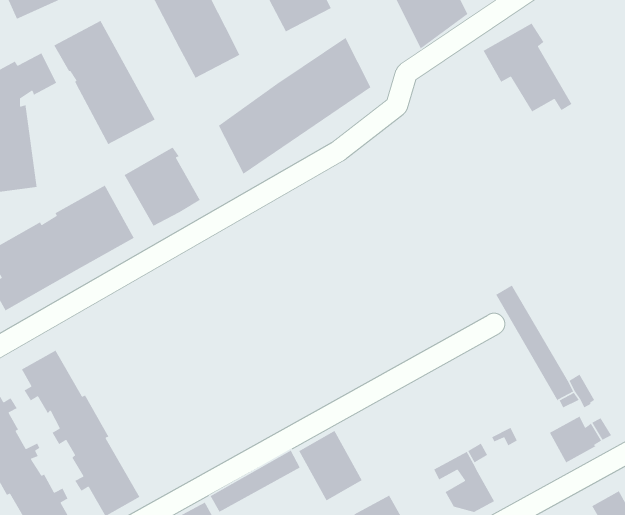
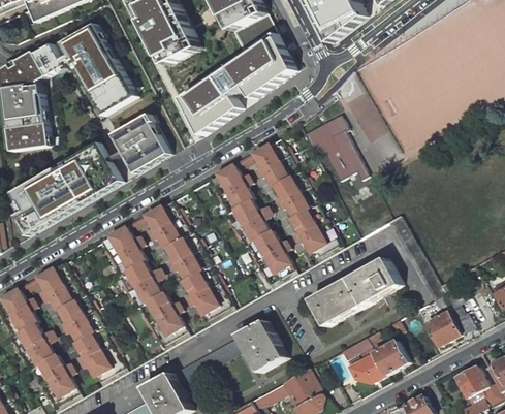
building: none -> [230,12,275,55]
building: [482,22,573,113] -> [302,114,368,180]
building: none -> [252,138,340,261]
building: none -> [207,164,294,288]
building: none -> [144,200,231,323]
building: none -> [98,226,186,349]
building: none -> [309,257,400,325]
building: none -> [372,340,407,374]

